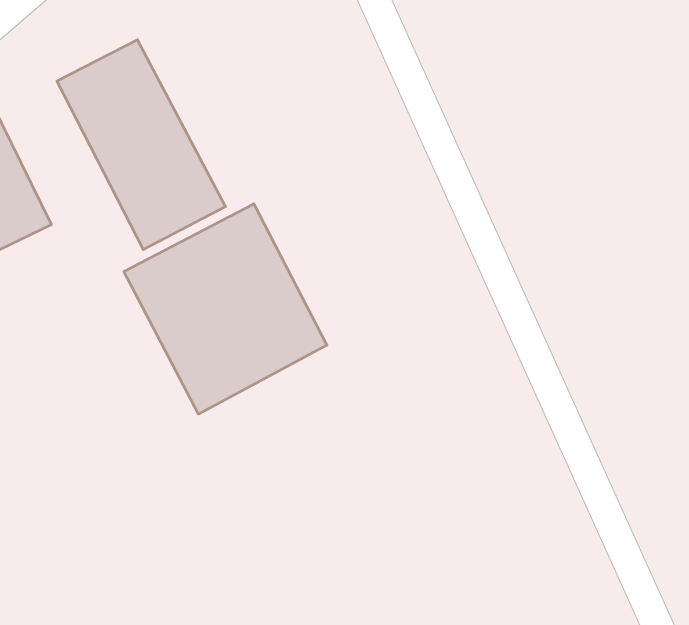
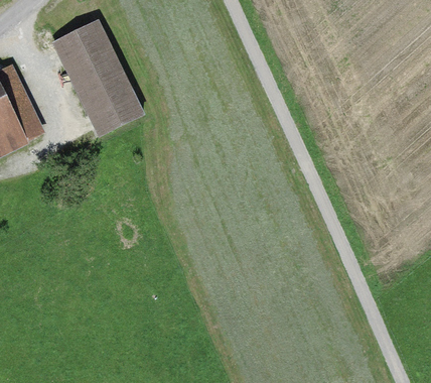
building: [124,204,327,414] -> none

